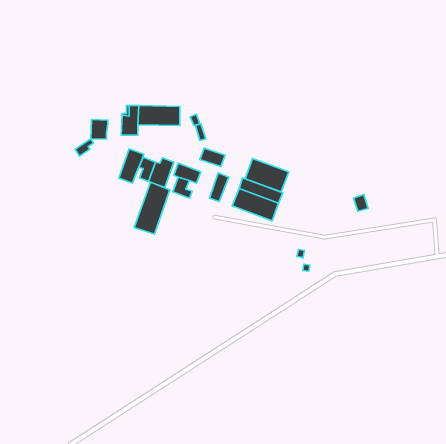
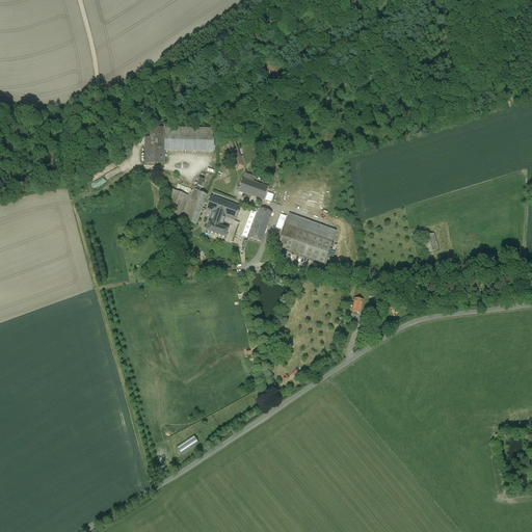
building: [91,119,108,139] -> none
building: [119,149,144,183] -> none
building: [245,158,289,192] -> none
building: [134,182,170,234] -> none

